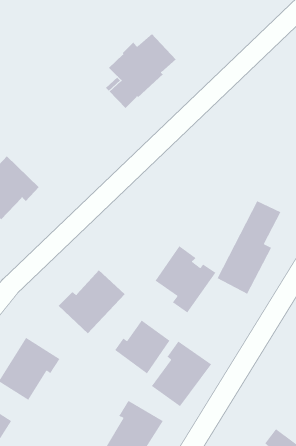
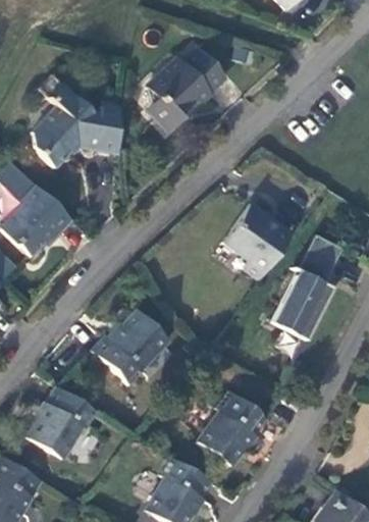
building: none -> [34,74,122,168]
building: [155,245,217,314] -> [225,203,295,279]
building: [114,320,171,375] -> none

